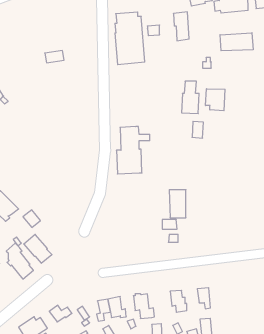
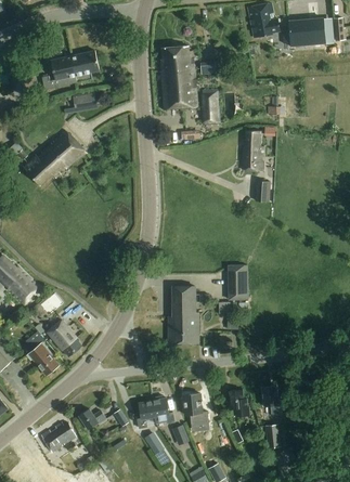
building: [173,12,189,41] -> [199,89,219,125]
building: none -> [41,50,99,89]
building: [220,33,253,51] -> none
building: none -> [23,129,86,184]
building: [206,89,225,111] -> none
building: [116,127,150,174] -> [167,284,208,342]

